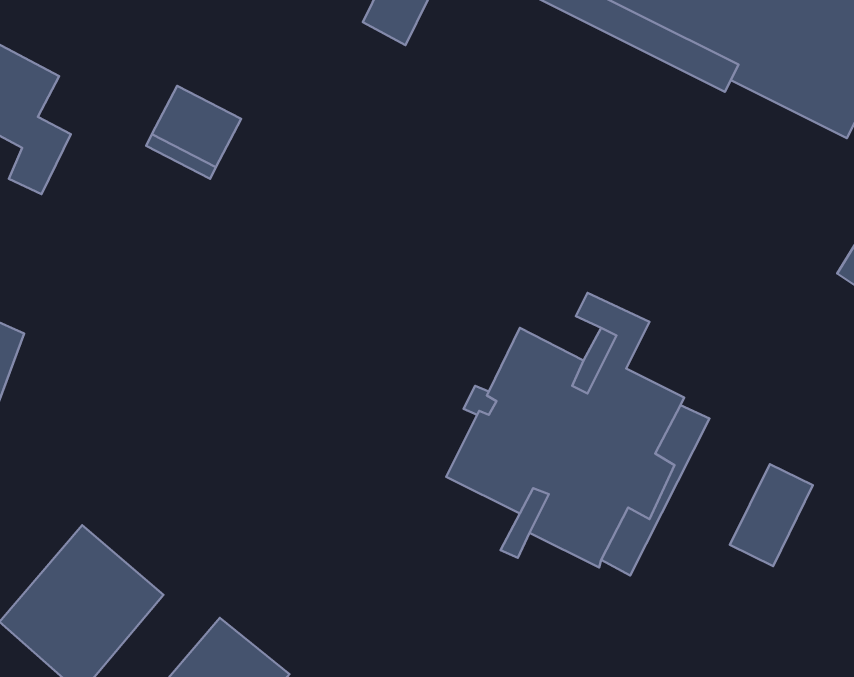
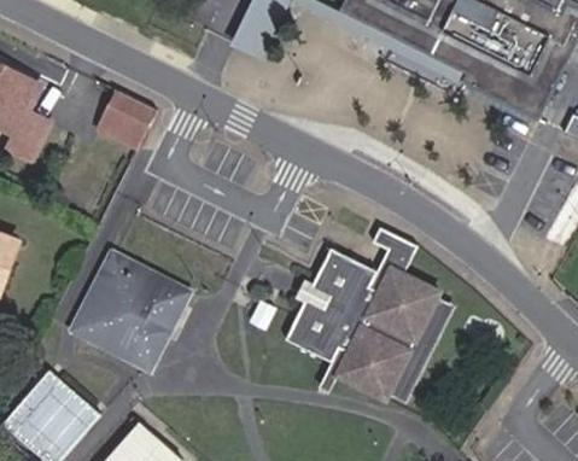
building: none -> [72,252,191,368]
building: [730,464,813,566] -> none

